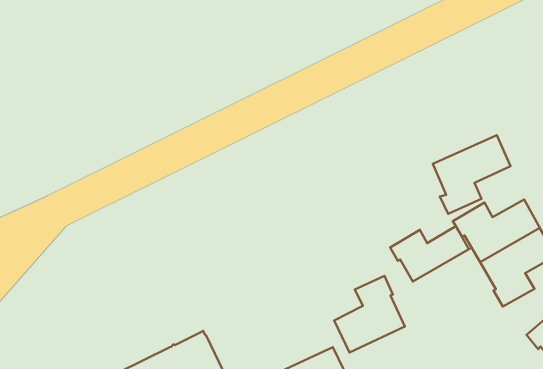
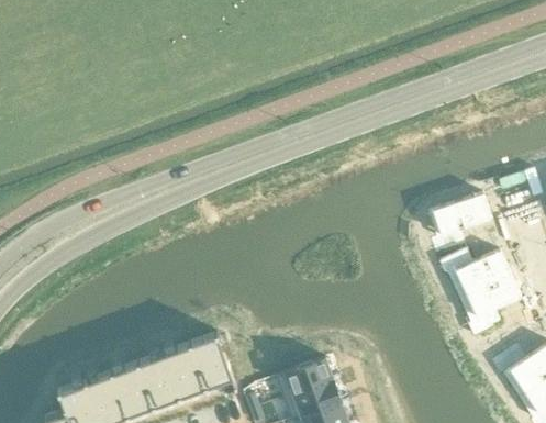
building: [390,226,469,282] -> none
building: [334,276,405,352] -> none

